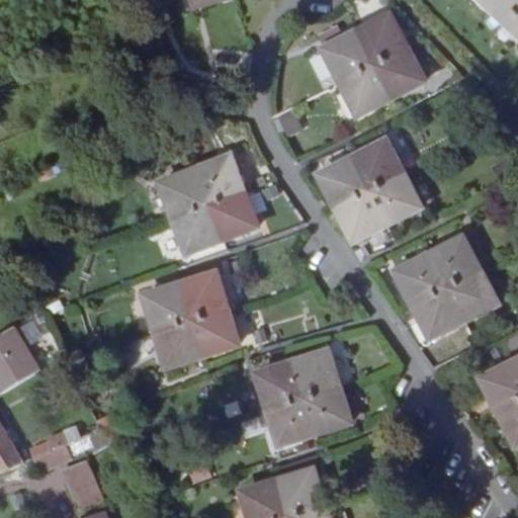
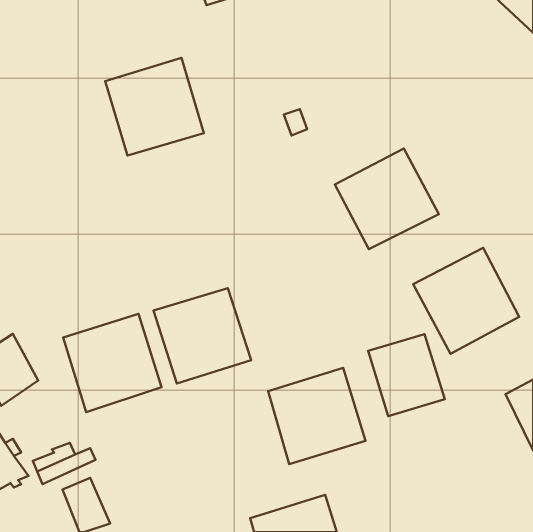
building: [324,14,424,115] -> none
building: [158,157,252,250] -> [105,58,204,155]
building: none -> [63,314,161,412]
building: none -> [368,334,445,416]

